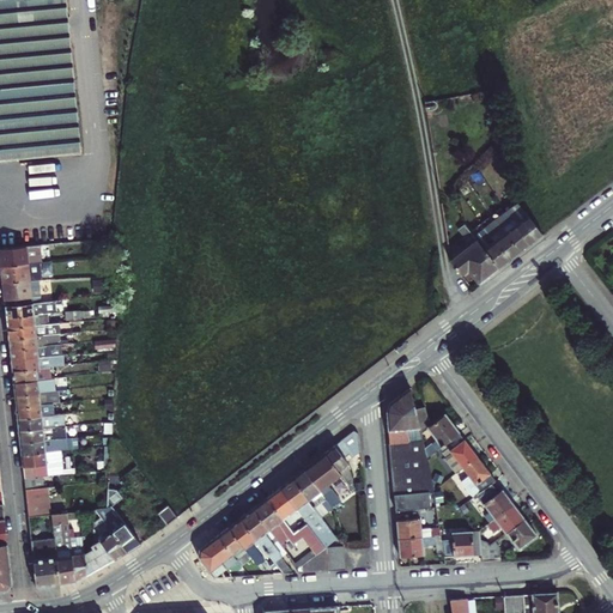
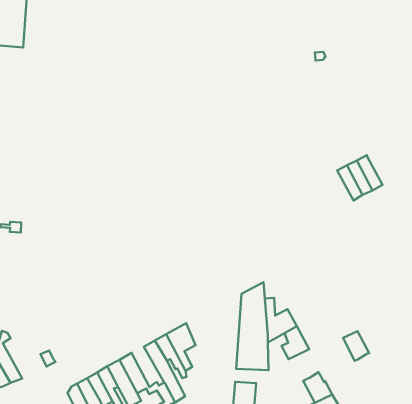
building: [506,206,544,248] -> none
building: [451,227,499,286] -> none
building: [324,426,359,490] -> none
building: [460,456,493,492] -> [343,331,369,361]
building: [266,485,310,532] -> none
building: [393,488,433,509] -> none

